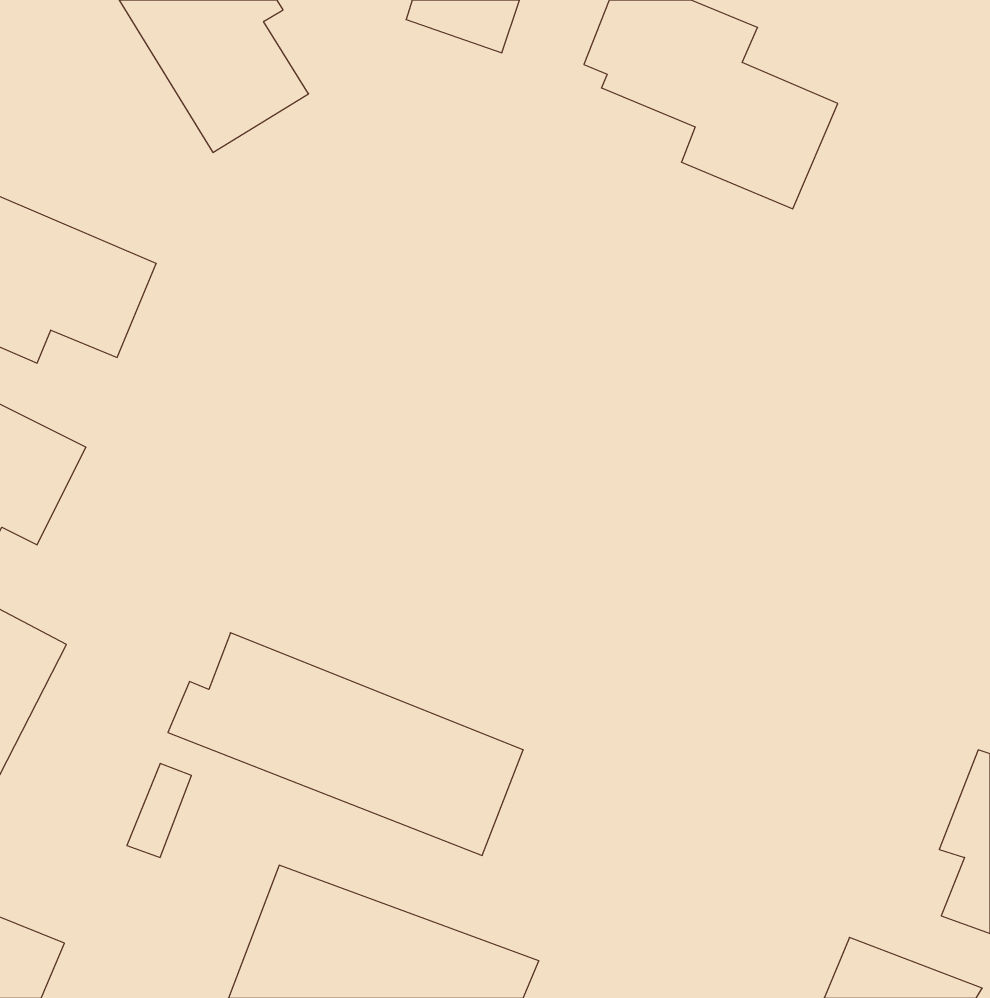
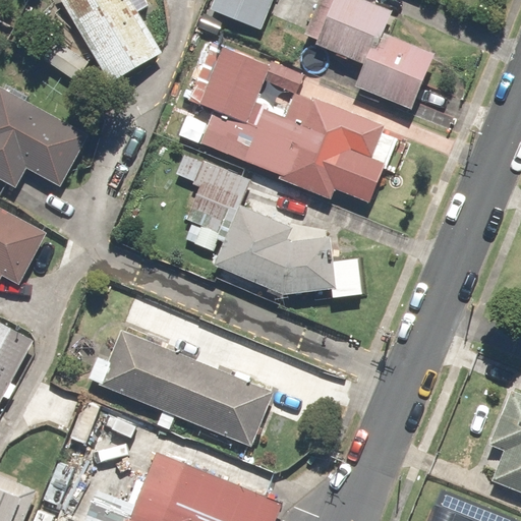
building: none -> [190,43,393,199]
building: none -> [177,152,336,292]

